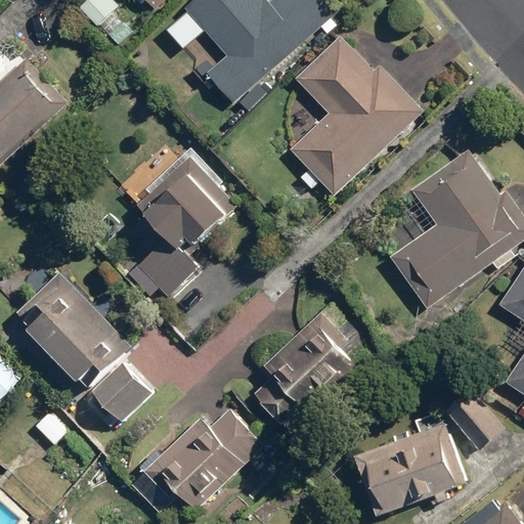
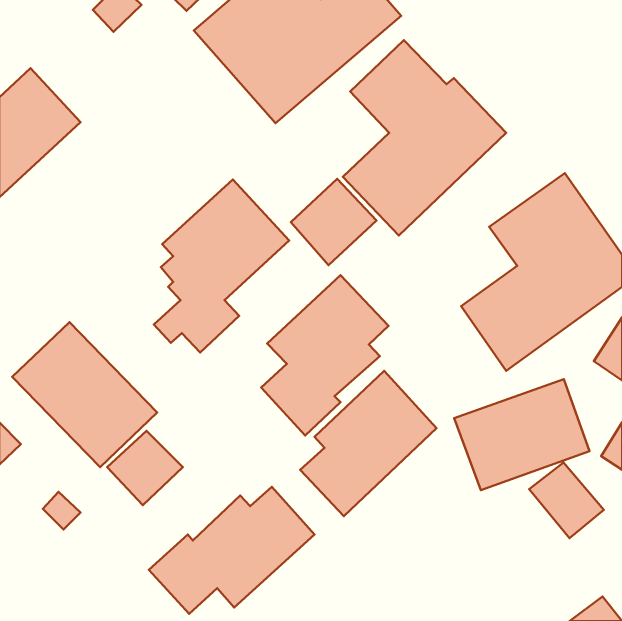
building: none -> [291,179,376,265]
building: none -> [261,275,388,435]
building: [353,423,467,516] -> [454,379,589,490]

